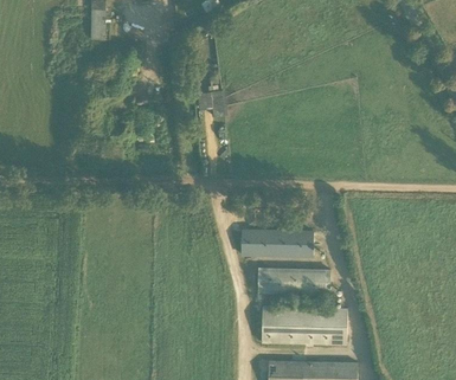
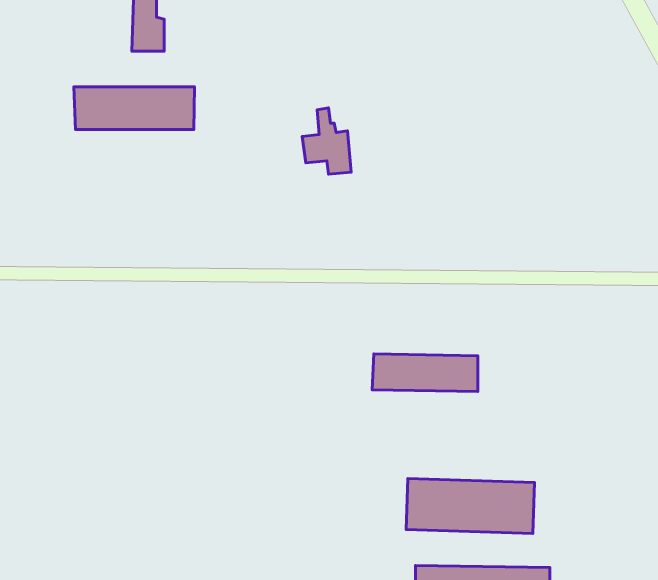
building: none -> [74,87,195,129]
building: [258,268,332,295] -> none

